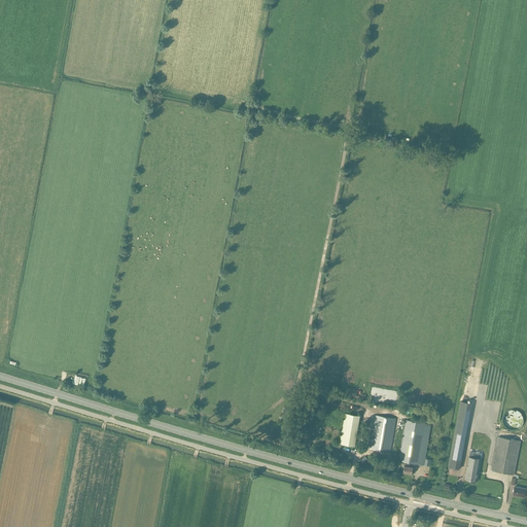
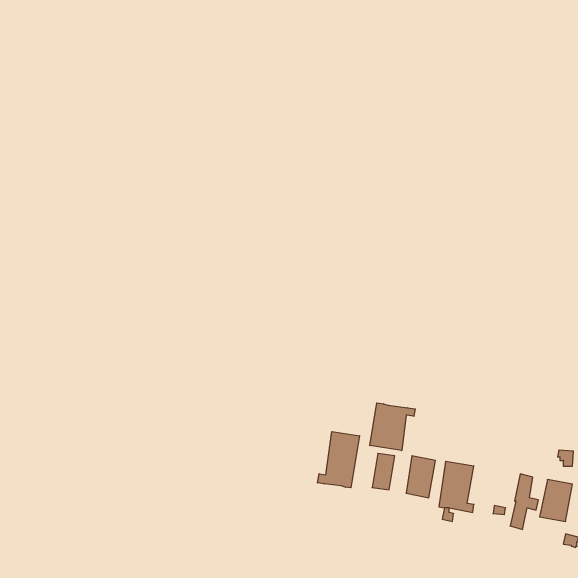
building: none -> [370,403,415,451]
building: none -> [318,432,360,488]

